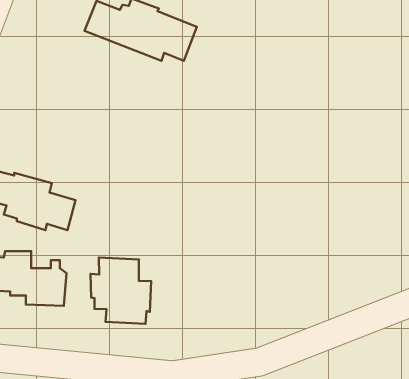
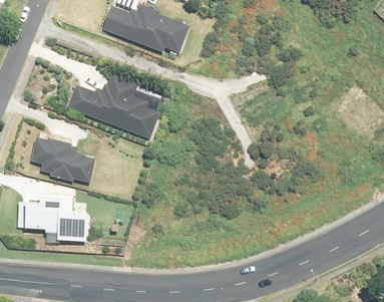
building: none -> [68,75,159,139]
building: [91,257,151,324] -> none

